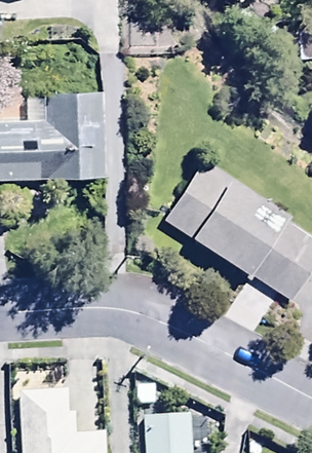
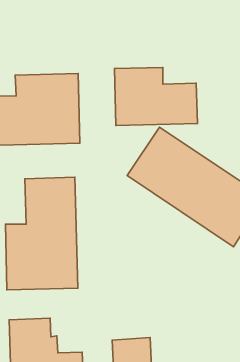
building: none -> [114,68,197,125]
building: none -> [5,177,78,290]

